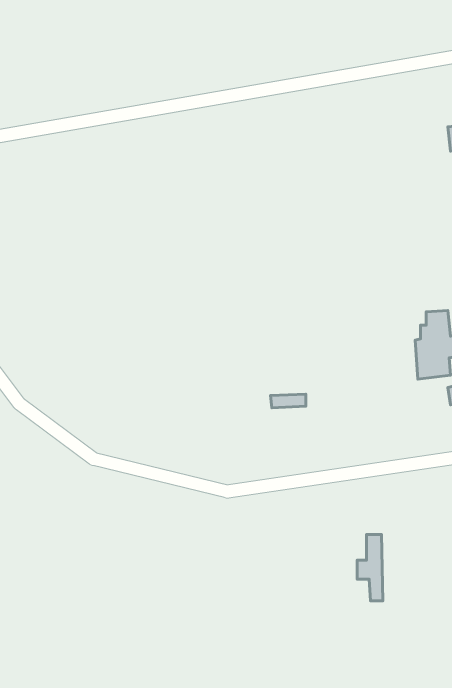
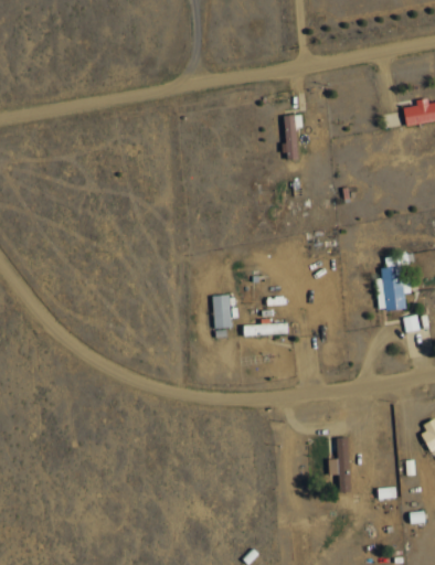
building: none -> [284,115,301,158]
building: none -> [212,295,231,329]

